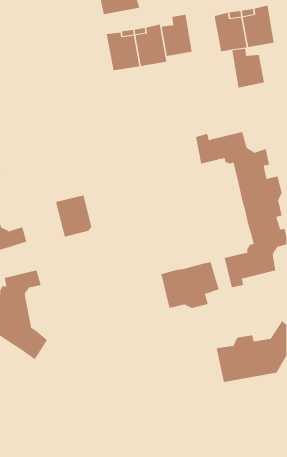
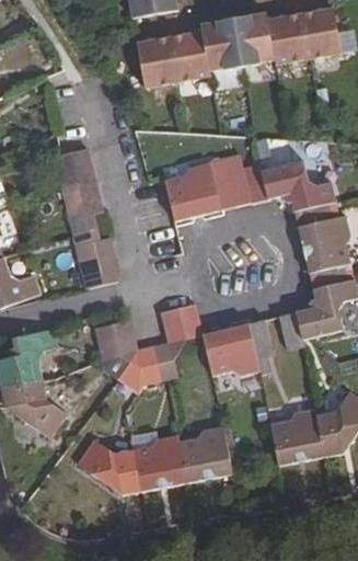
building: [231,48,265,88] -> [234,15,275,64]
building: none -> [55,148,104,220]
building: none -> [165,153,252,219]
building: none -> [96,302,204,385]
building: none -> [78,425,233,494]

